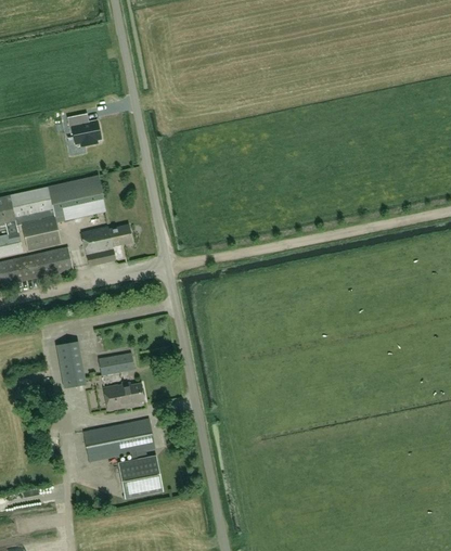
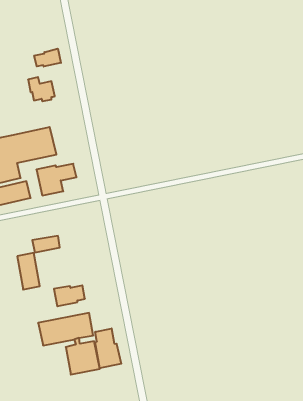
building: none -> [34,49,61,67]
building: [98,353,133,374] -> [32,236,60,253]
building: none -> [95,328,121,368]

